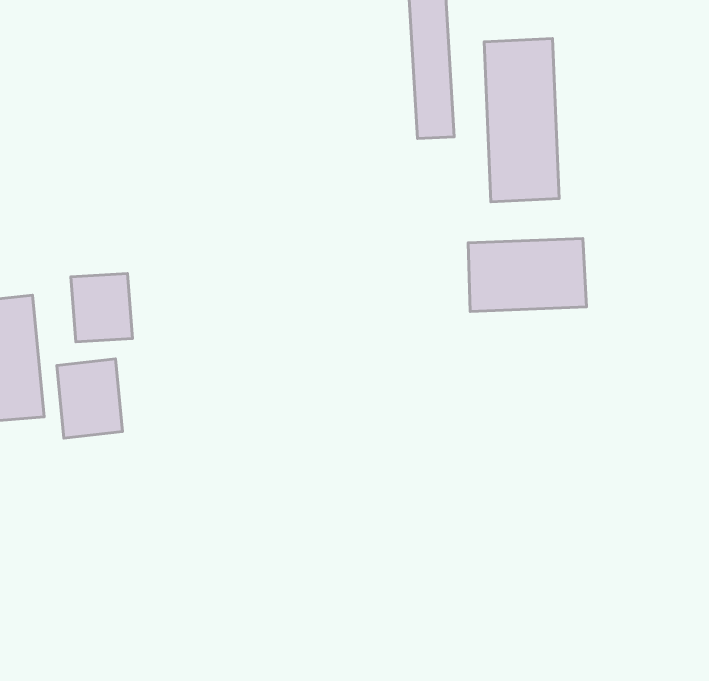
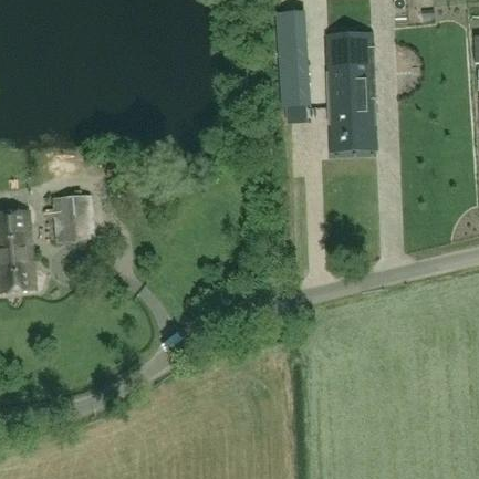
building: [468,238,586,312] -> none
building: [57,359,122,438] -> none

